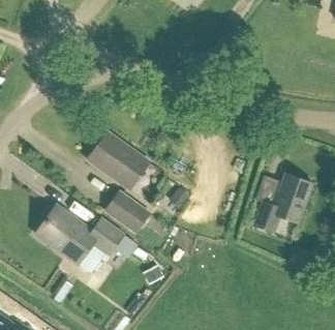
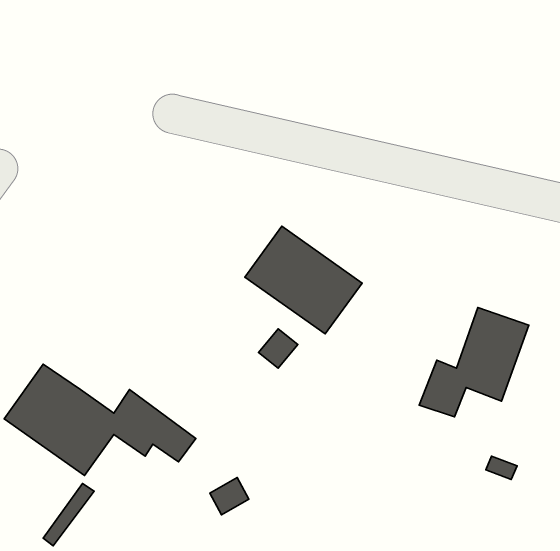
building: [88,132,150,189] -> [245,226,362,334]
building: [102,188,151,234] -> none

